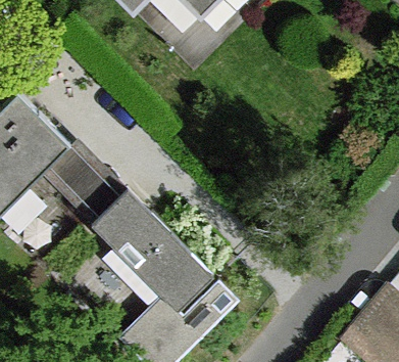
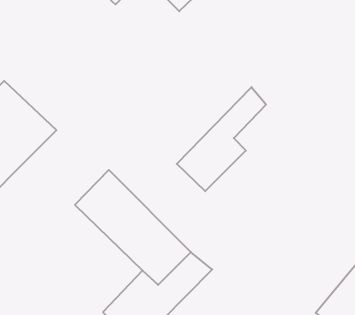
building: none -> [177,87,266,191]
building: [42,141,127,226] -> none

